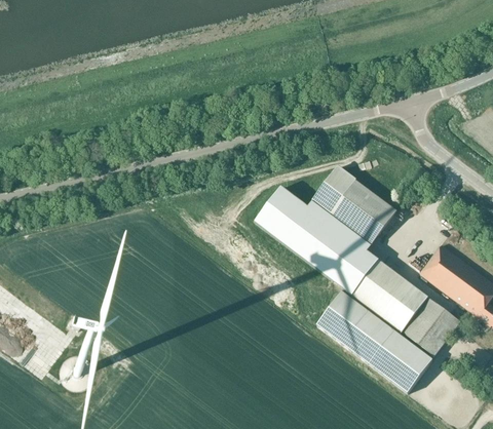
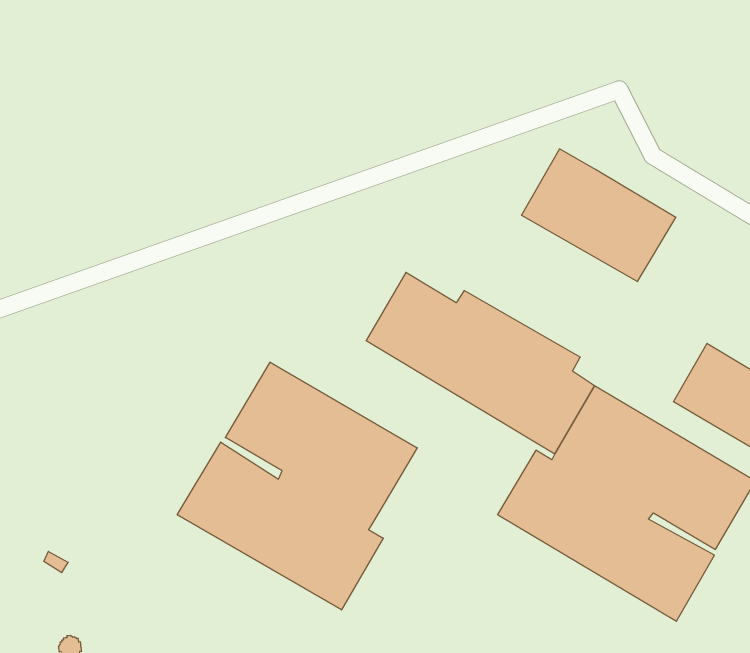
building: [311,165,395,242] -> [521,149,676,282]
building: none -> [177,362,417,610]

